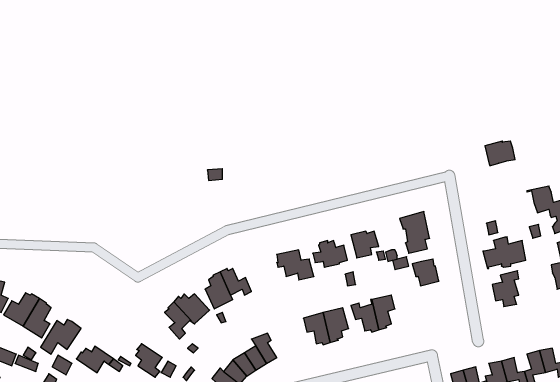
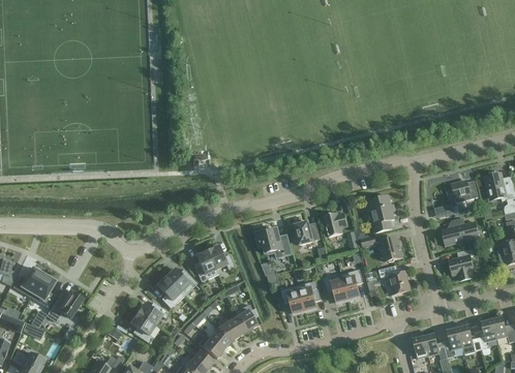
building: [485,141,515,165] -> [451,180,478,201]
building: none -> [378,265,410,293]
building: [76,346,114,373] -> [135,301,169,324]

